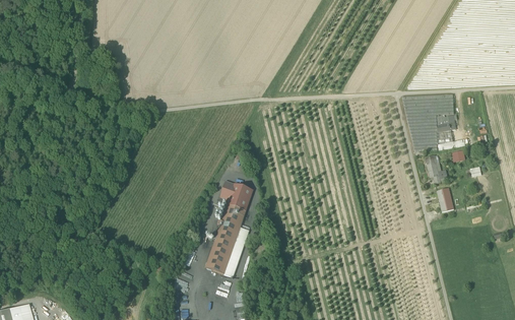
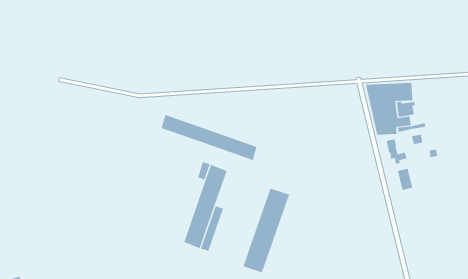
building: none -> [161,114,257,161]
building: none -> [243,188,290,273]

